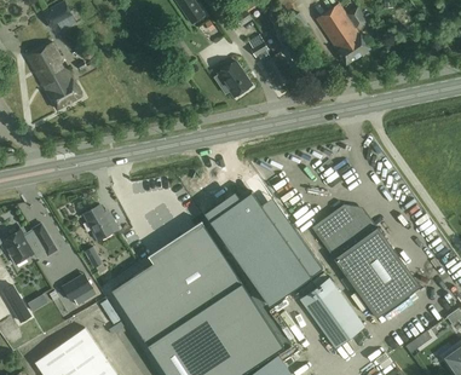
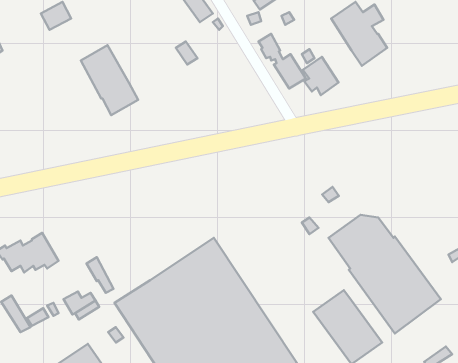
building: [27,42,81,109] -> [81,45,138,115]
building: [217,60,250,97] -> [303,57,339,95]
building: [203,191,322,305] -> none
building: [82,204,117,240] -> none

